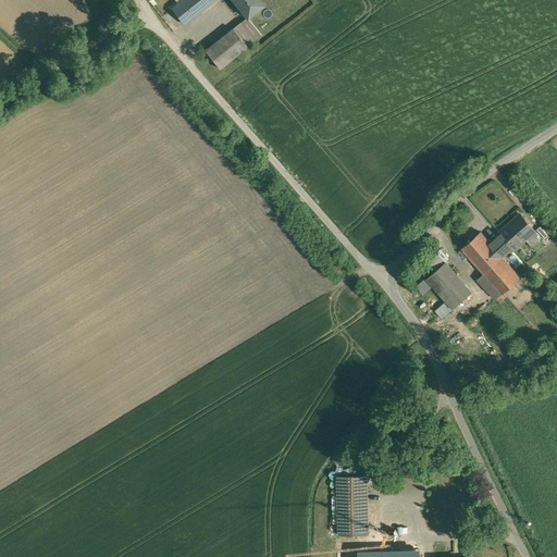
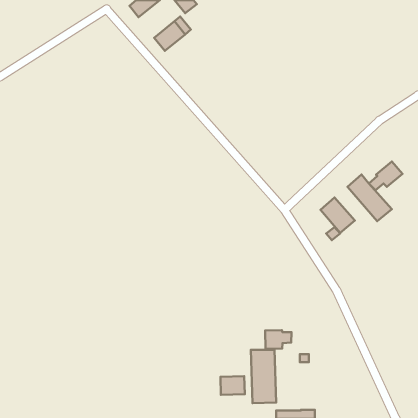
building: none -> [265,330,291,349]
building: none -> [220,376,245,395]

